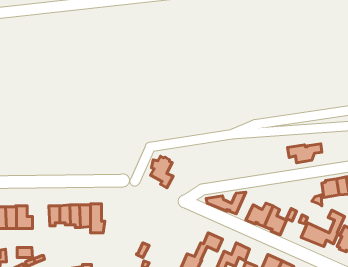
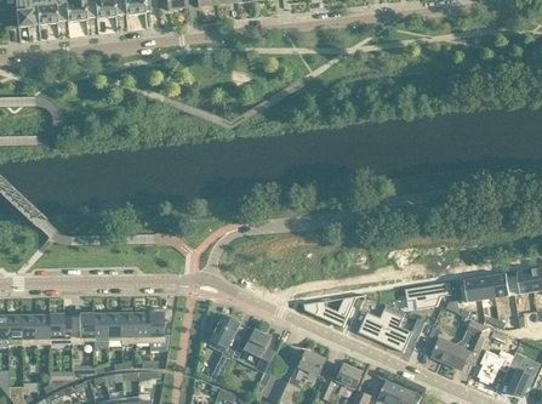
building: [287,144,322,163] -> [405,283,451,308]
building: [151,156,173,188] -> [211,313,241,355]
building: none -> [72,312,95,343]
building: none -> [245,328,275,371]

